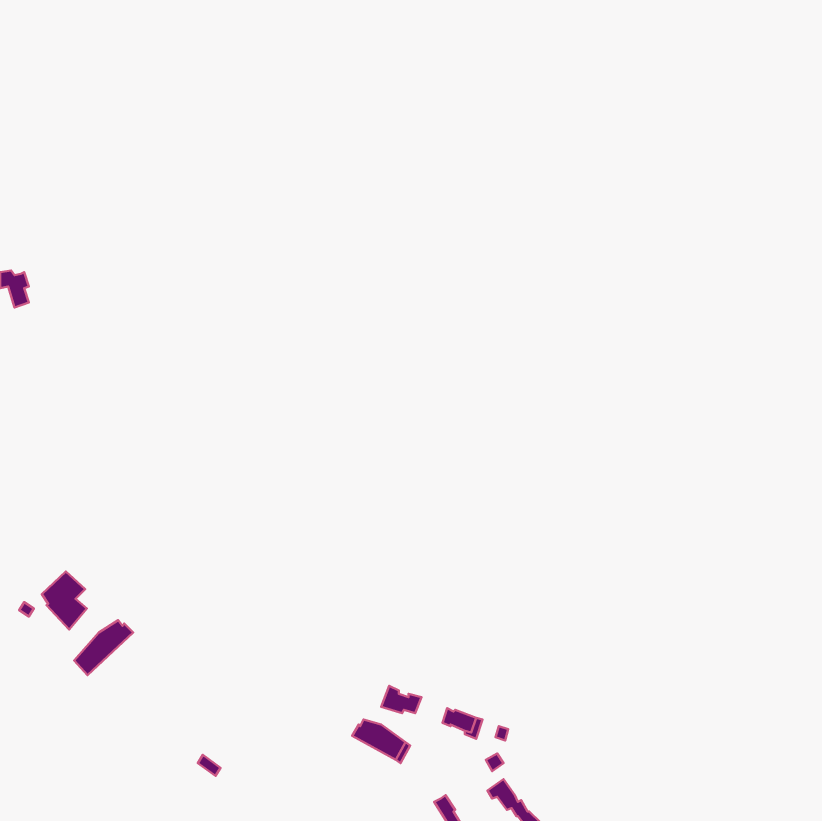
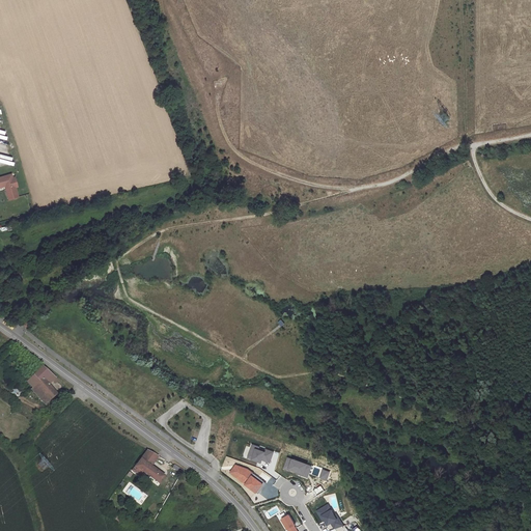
building: [74,620,133,675] -> none
building: none -> [134,450,163,483]

